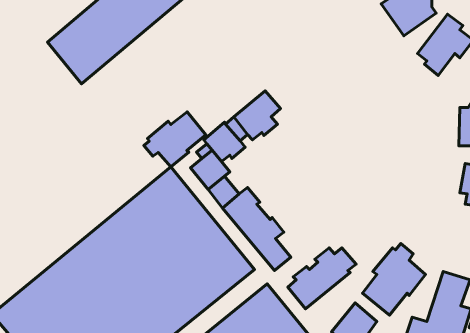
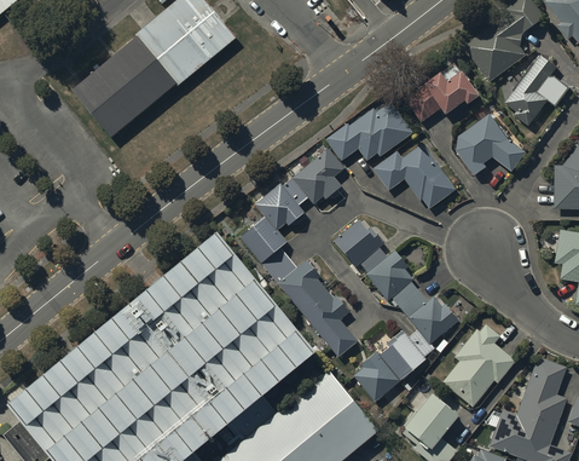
building: none -> [404,62,477,123]
building: none -> [325,96,412,161]
building: none -> [456,113,527,175]
building: none -> [372,142,457,209]
building: [144,112,206,167] -> none
building: none -> [330,214,458,341]

